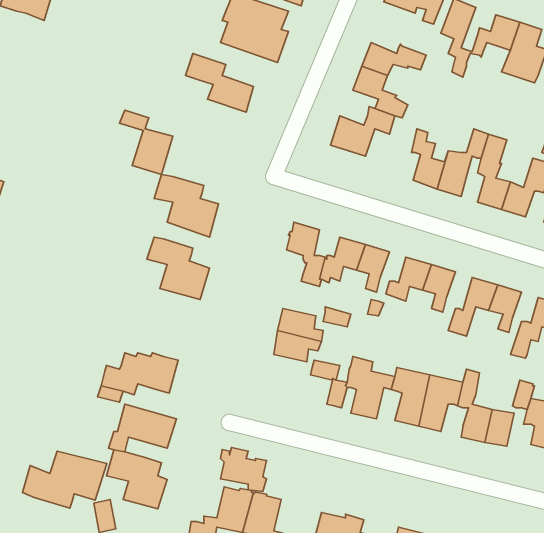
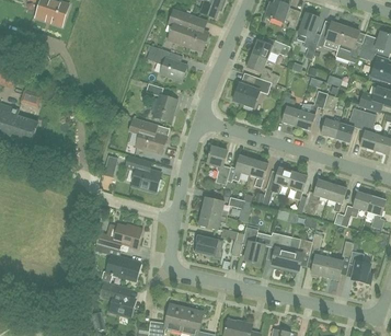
building: [119,110,173,175] -> [145,83,176,121]
building: [220,448,266,492] -> [195,232,222,258]
building: [22,451,107,508] -> none

